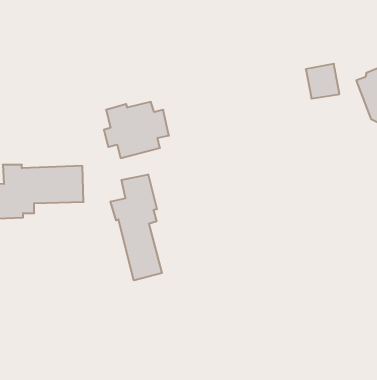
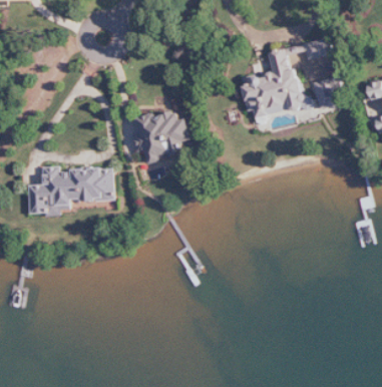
building: none -> [240,39,331,118]
building: [111,174,162,280] -> none

